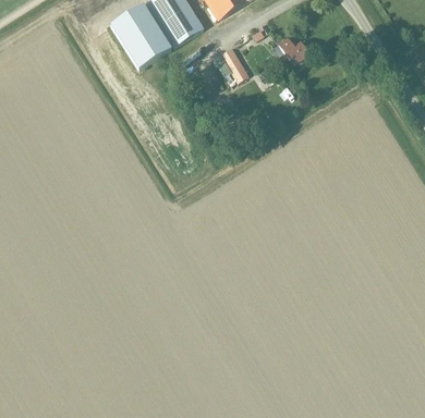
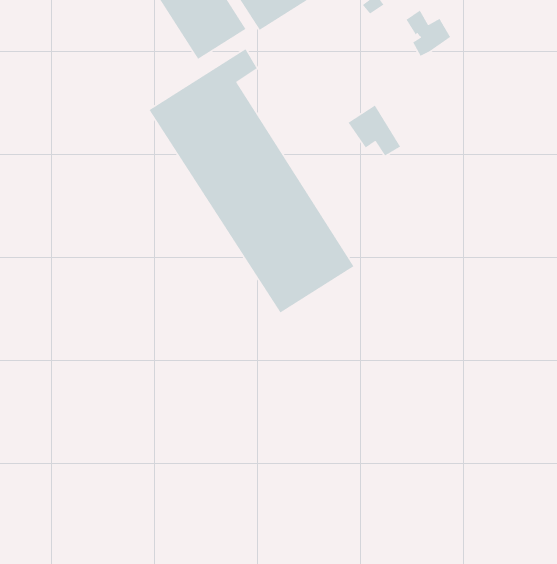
building: [212,46,248,81] -> [347,105,401,156]
building: none -> [149,48,354,314]

